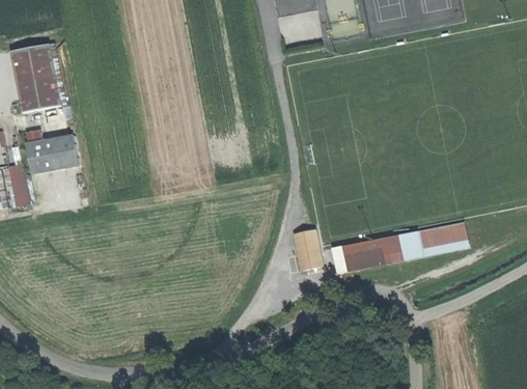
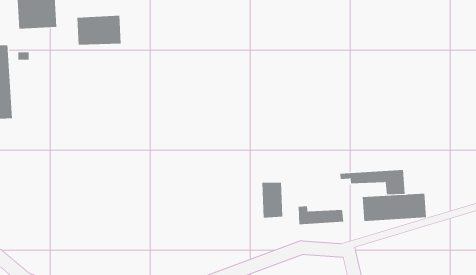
building: [26,137,76,173] -> [76,15,121,45]
building: [332,235,403,263] -> [340,170,406,195]

